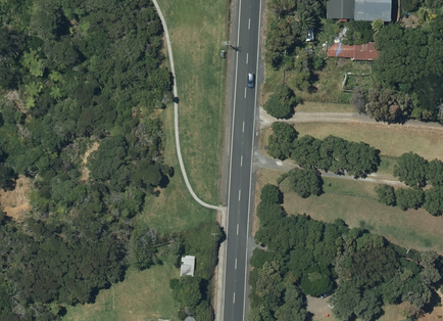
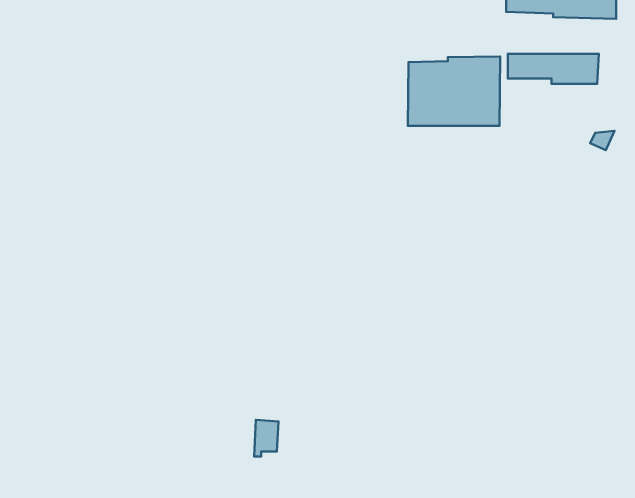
building: none -> [408,56,500,126]

